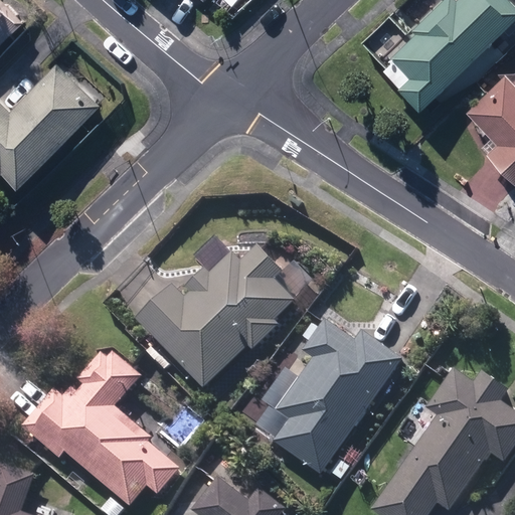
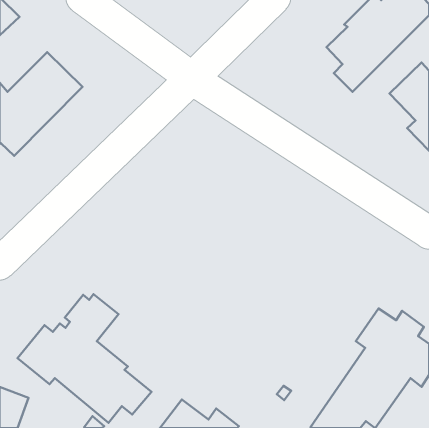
building: [136,245,299,389] -> none
building: [274,320,402,475] -> none

